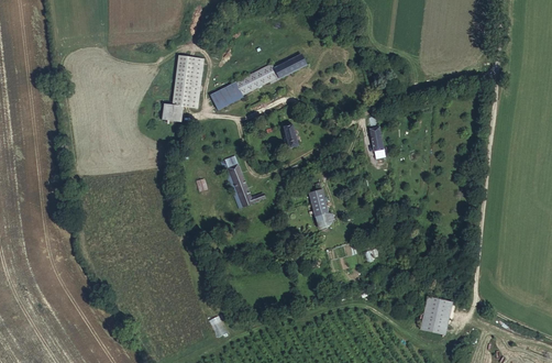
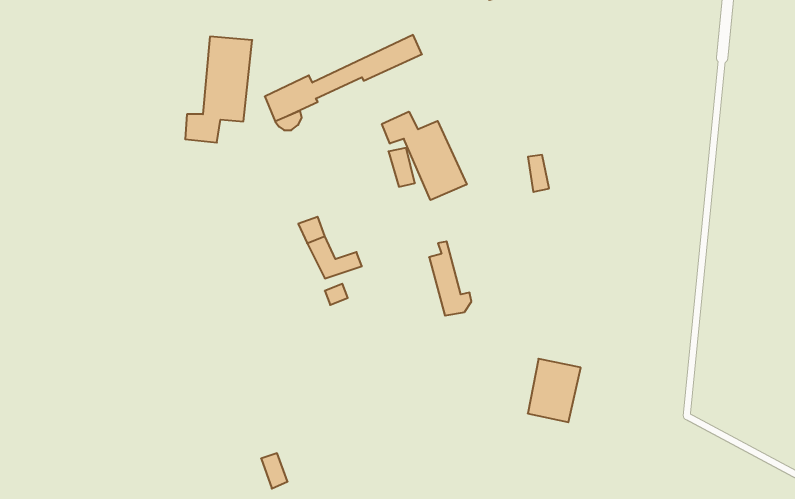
building: none -> [382,112,467,200]
building: [418,296,451,336] -> [528,359,581,422]

